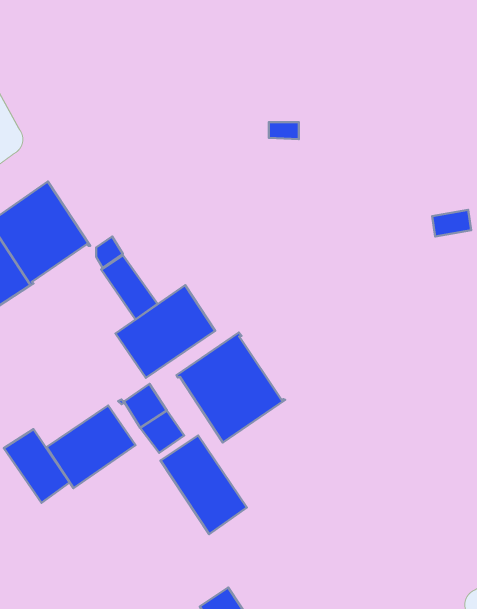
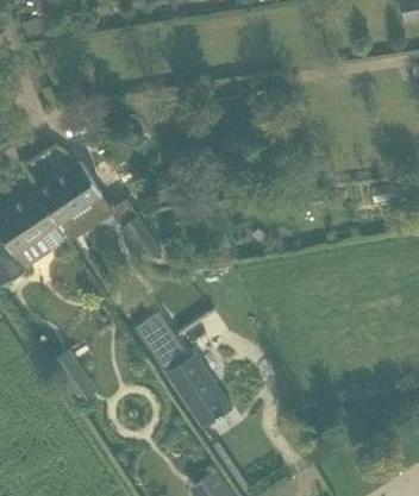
building: [116,285,215,378] -> none
building: [177,333,285,443] -> none
building: [46,405,135,488] -> none

